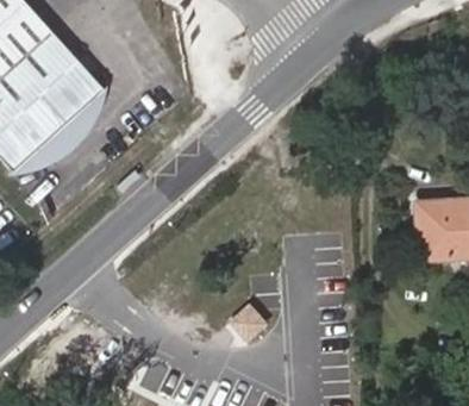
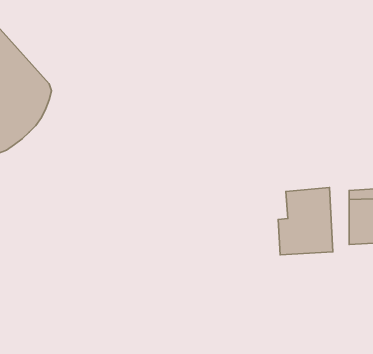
building: none -> [278,187,333,255]

